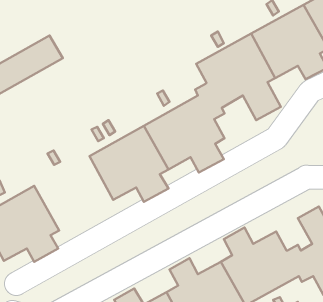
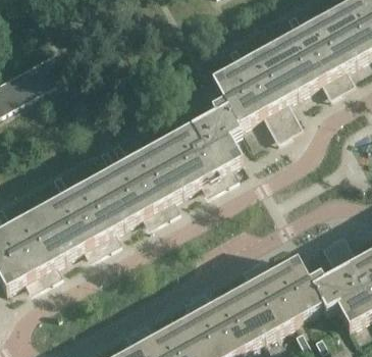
building: none -> [39,173,123,255]

